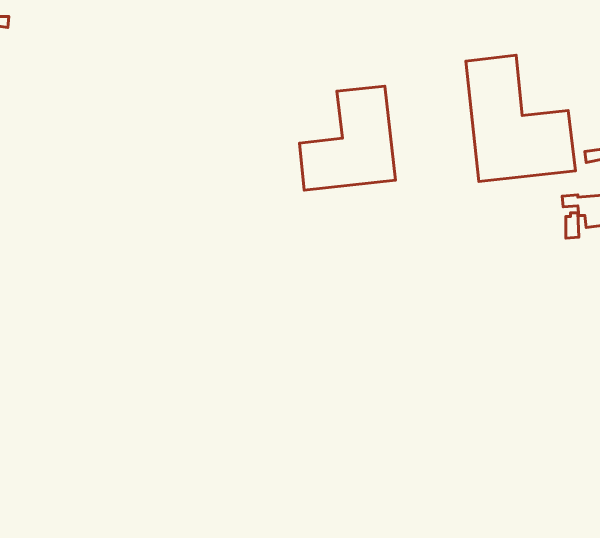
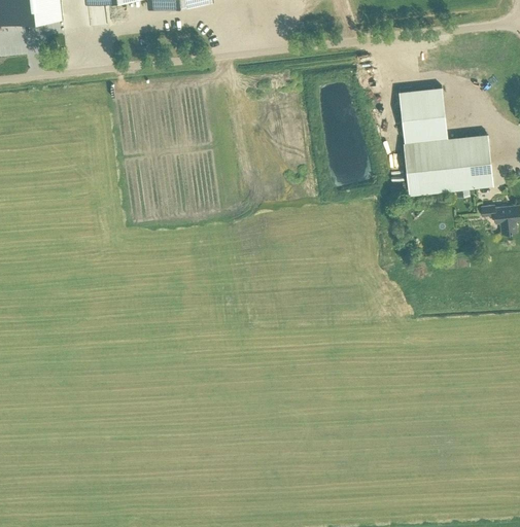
building: [299,86,396,190] -> none

